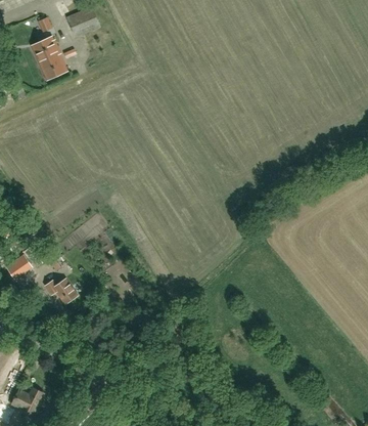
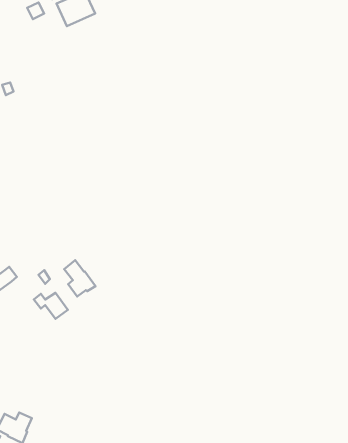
building: [33,37,67,80] -> none
building: none -> [64,260,95,296]

